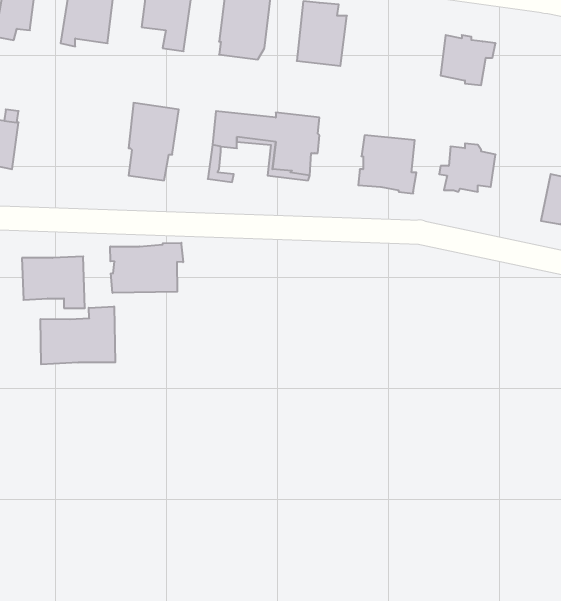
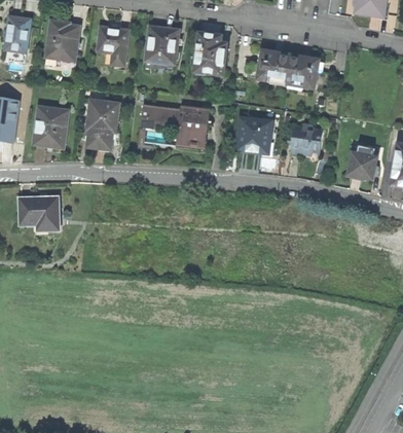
building: none -> [257,49,290,80]
building: none -> [35,105,70,146]
building: [110,243,183,293] -> none
building: [41,306,115,364] -> none

